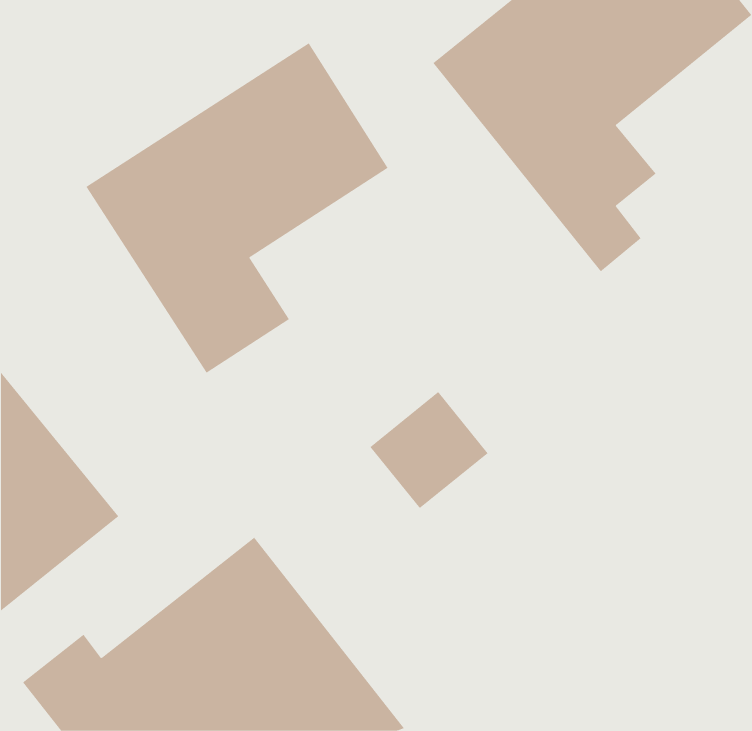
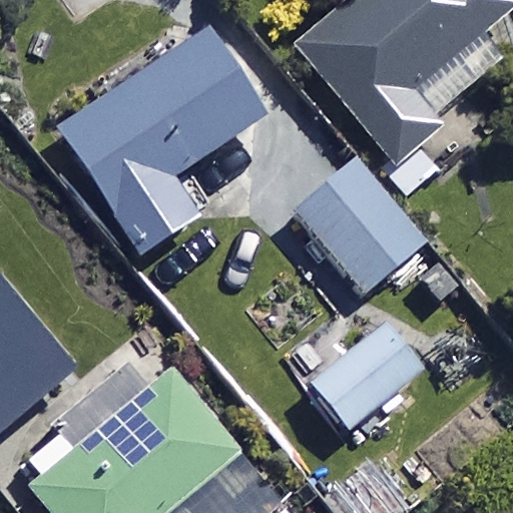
building: none -> [295,156,424,290]
building: none -> [310,325,419,428]

